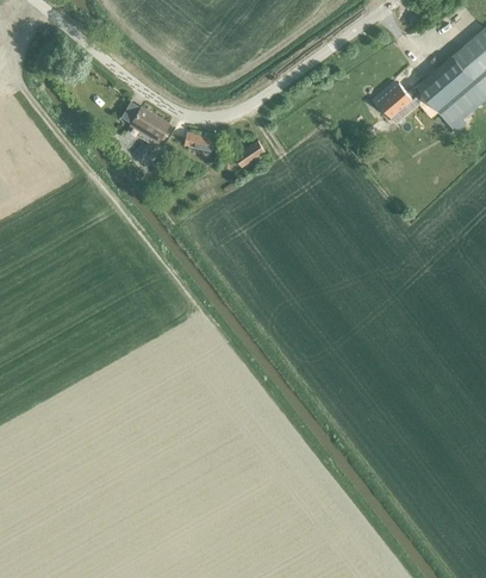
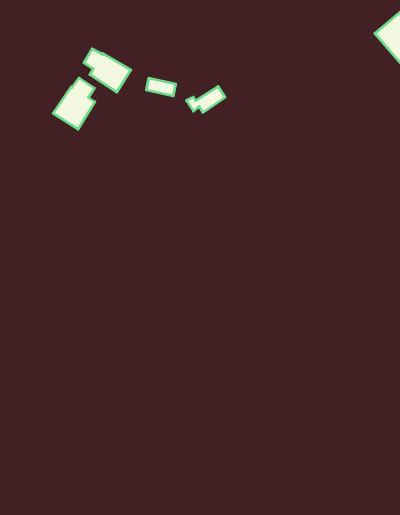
building: [378,83,418,117] -> none
building: none -> [53,78,95,129]

